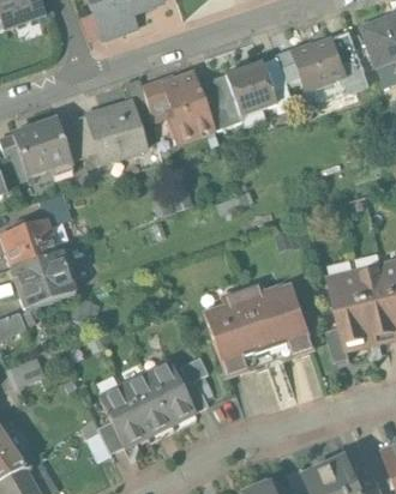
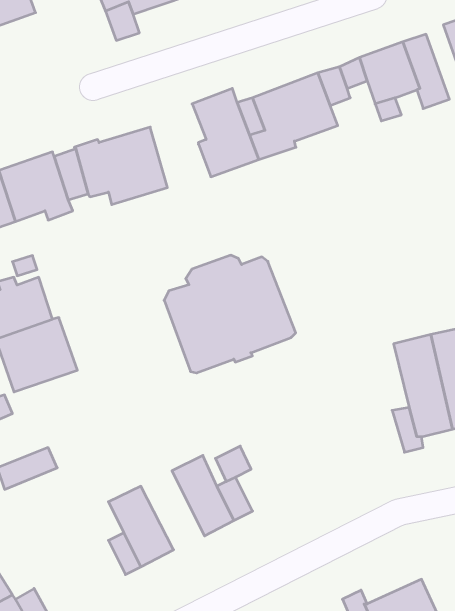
building: [146,83,178,122] -> none
building: [210,279,312,370] -> [164,255,296,373]
building: [127,370,176,432] -> none

